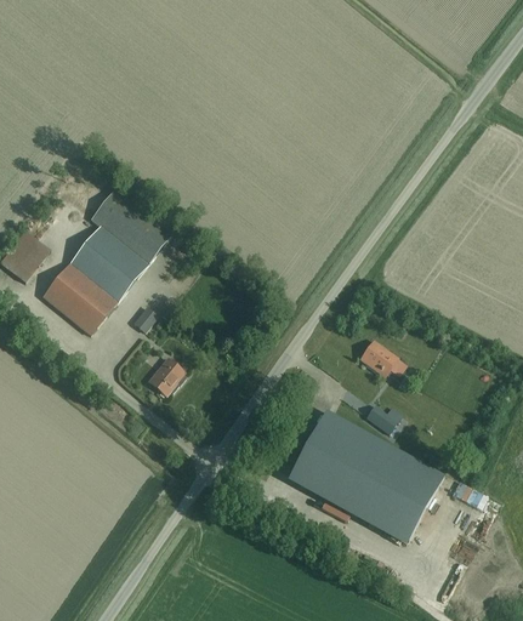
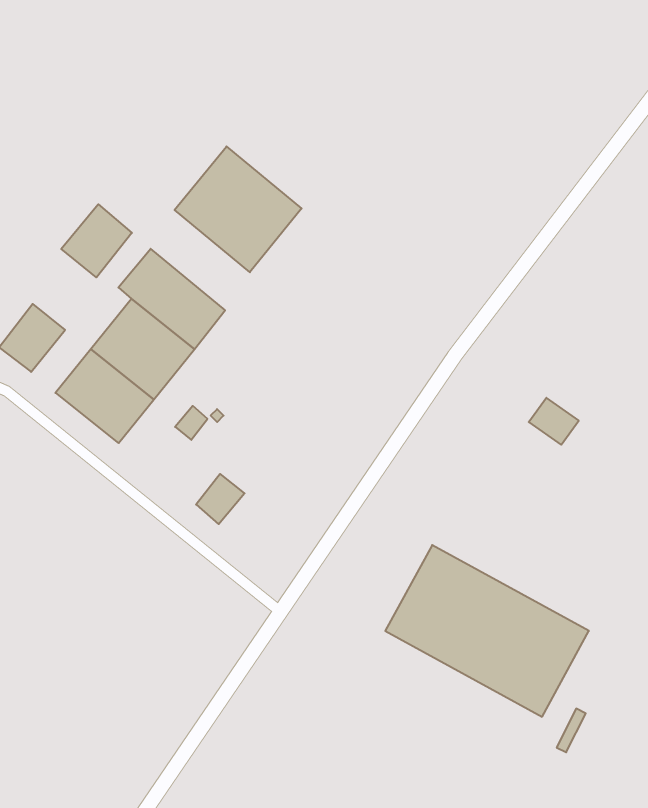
building: none -> [175,146,302,272]
building: none -> [61,204,132,277]
building: [359,341,397,376] -> [529,398,579,445]

